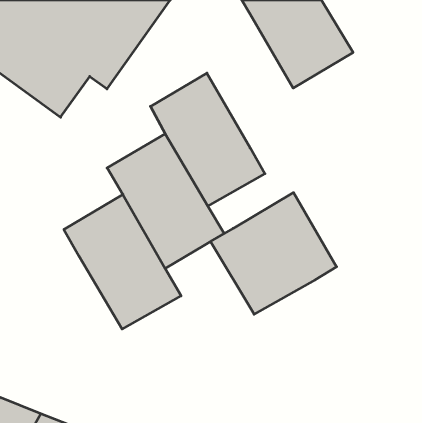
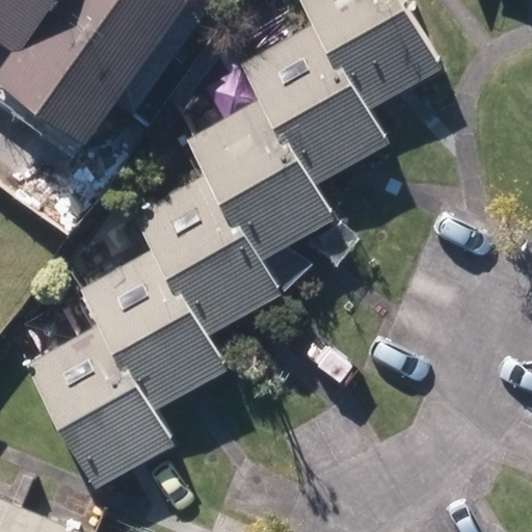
building: none -> [240,20,385,187]
building: [211,193,337,314] -> none
building: none -> [24,322,169,486]

